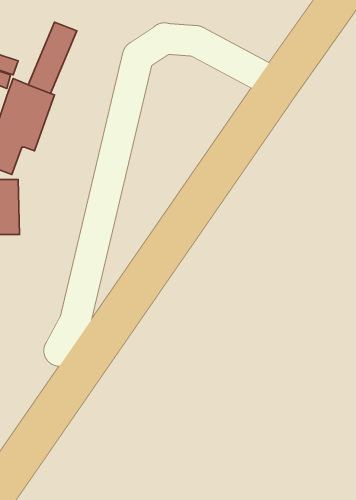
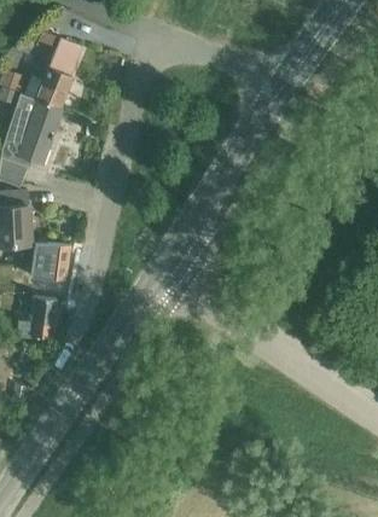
building: none -> [33,246,71,283]
building: none -> [21,301,58,341]

